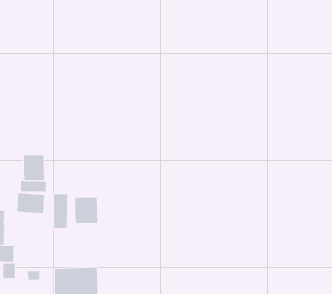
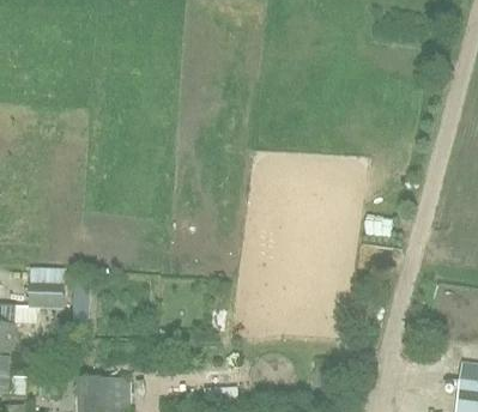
building: [24,155,44,181] -> none
building: [75,197,98,224] -> none

